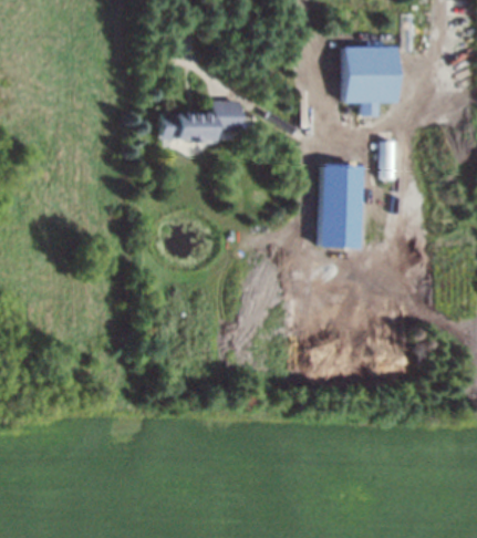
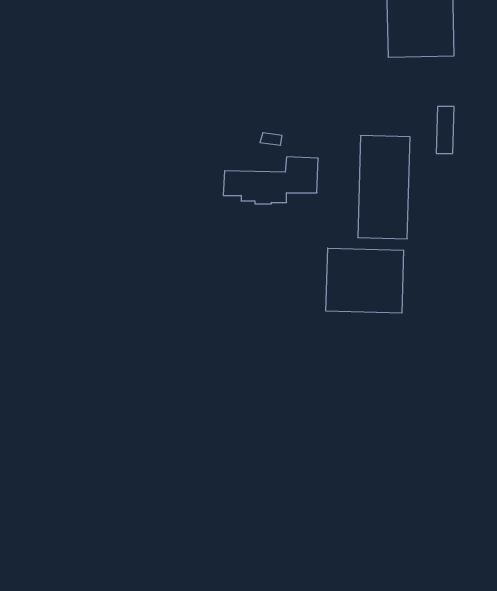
building: [158,105,235,143] -> [223,157,318,204]
building: none -> [326,248,404,313]

